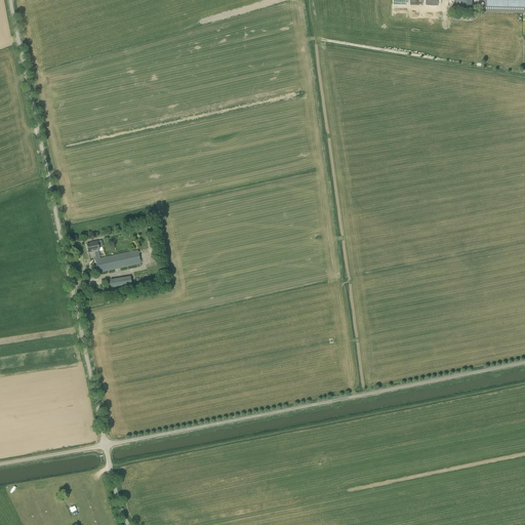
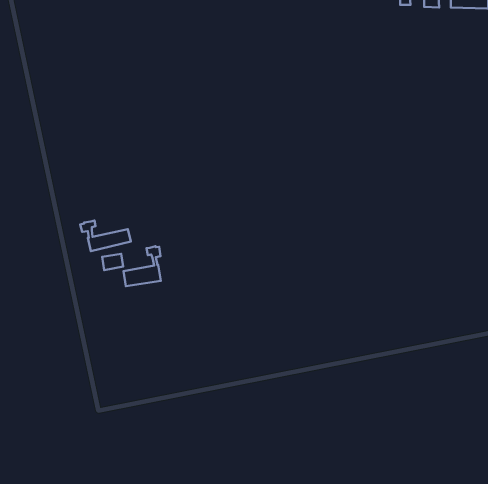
building: none -> [123,246,161,286]

